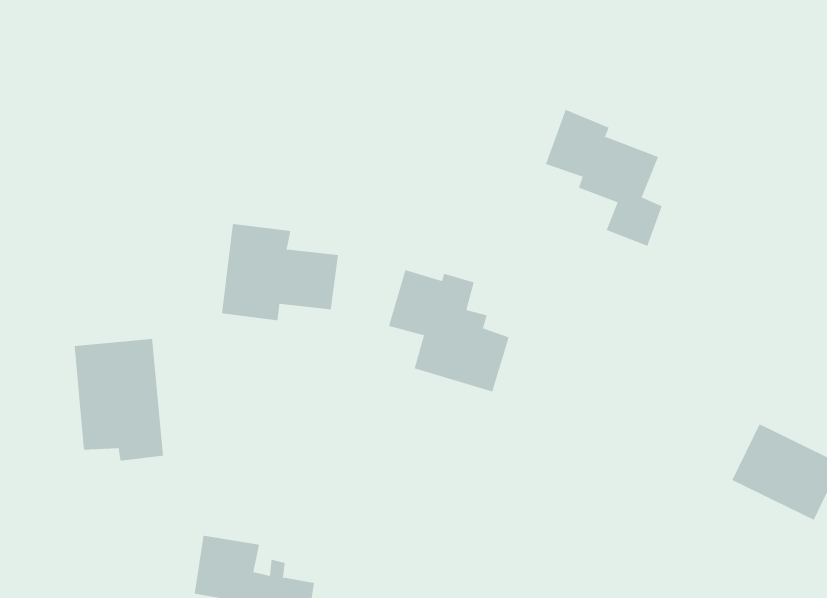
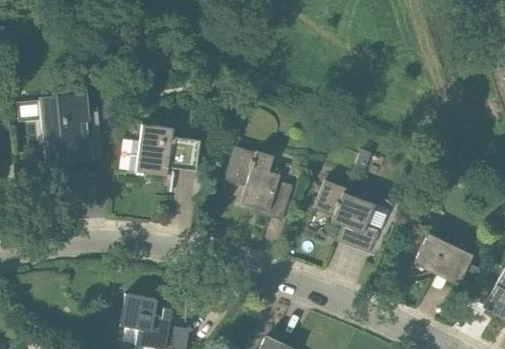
building: [545,109,663,247] -> [314,178,378,253]
building: [74,338,164,461] -> [42,93,91,160]

